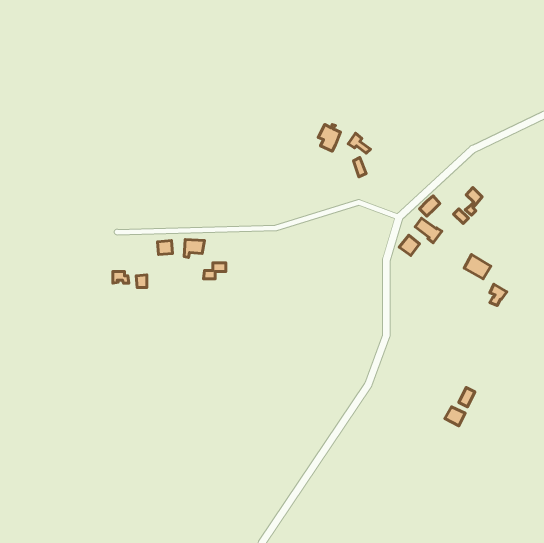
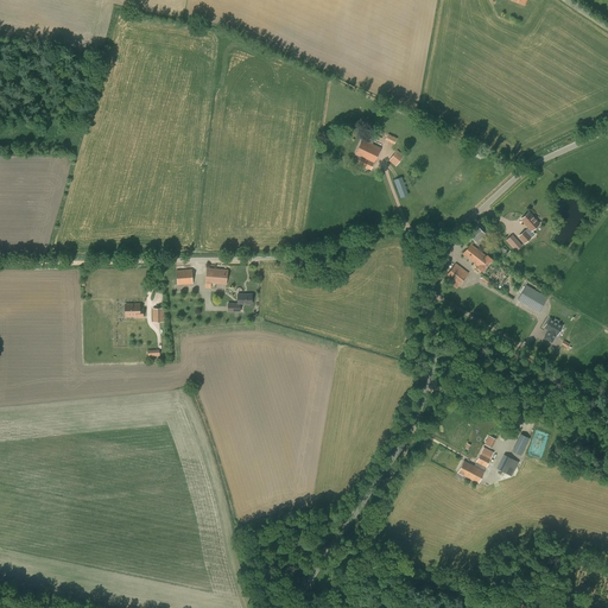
building: none -> [457,446,494,482]

